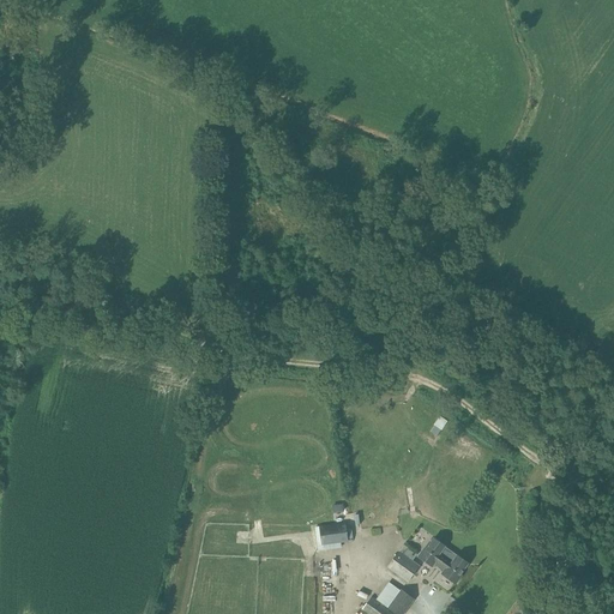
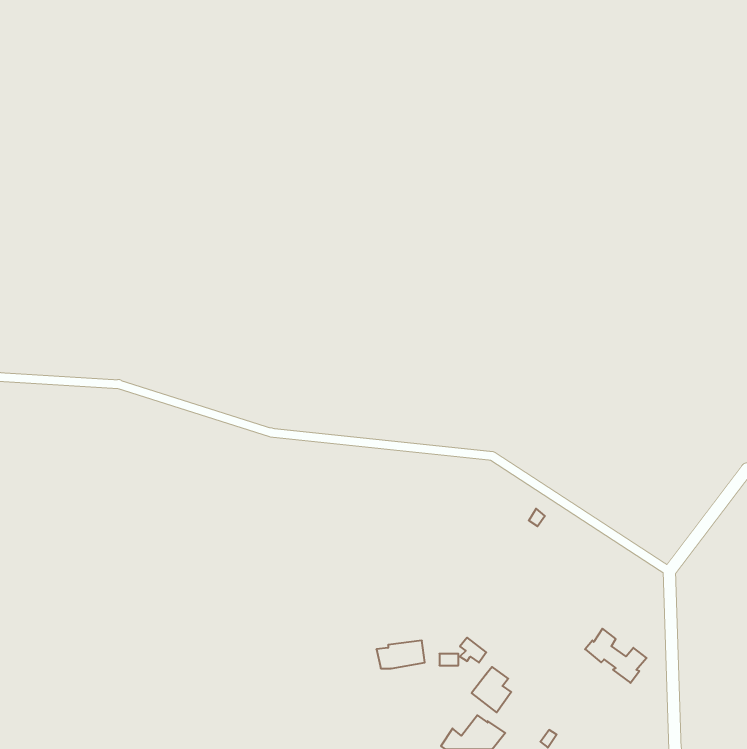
building: [419,540,469,584] -> [585,629,647,683]

